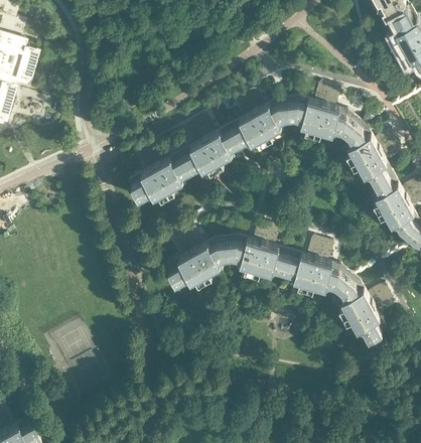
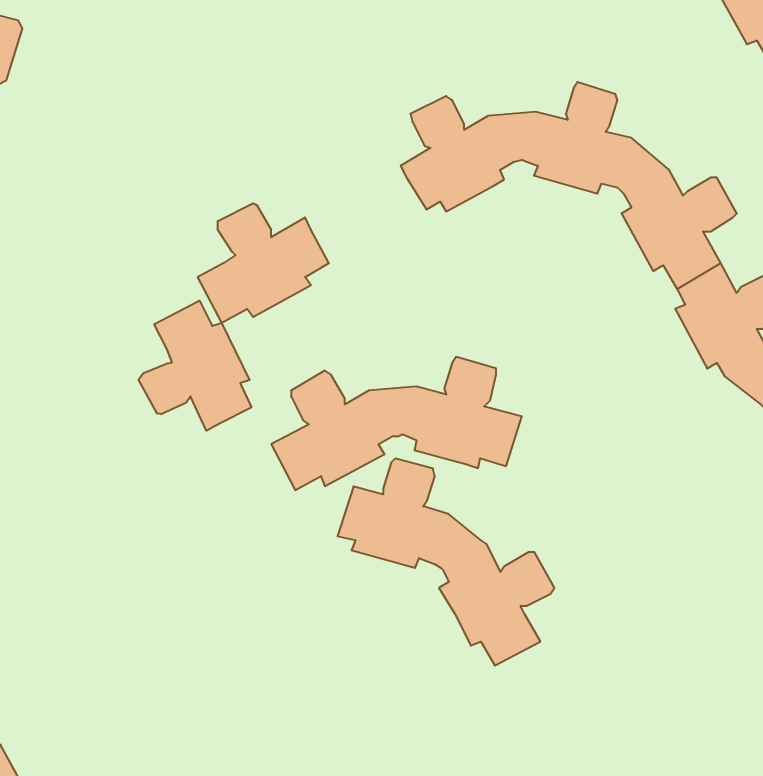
building: [181,119,243,177] -> none
building: none -> [139,301,251,431]
building: [283,240,393,344] -> [337,459,554,665]

